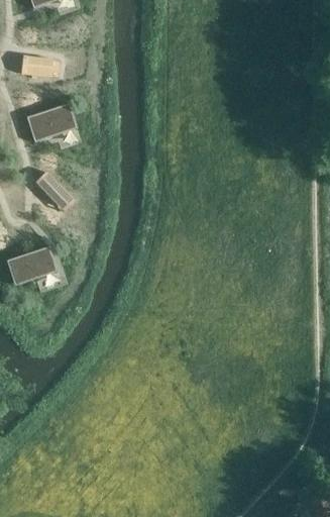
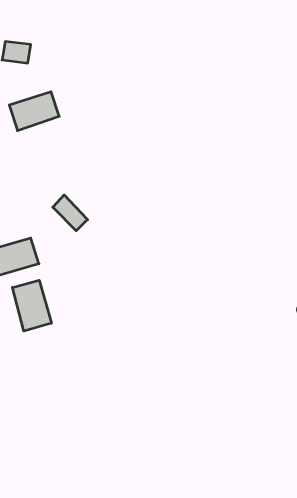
building: [35,170,70,205] -> [53,195,88,231]
building: none -> [12,280,51,331]

